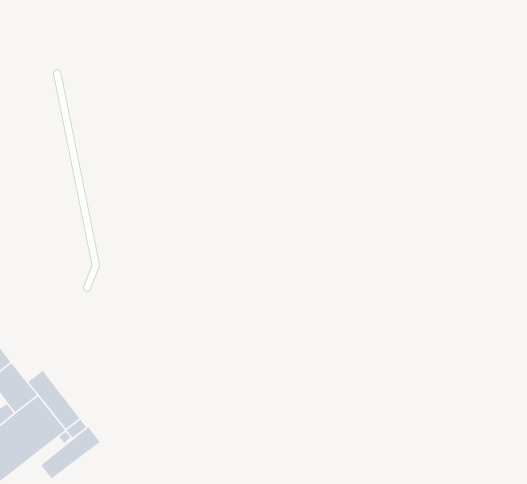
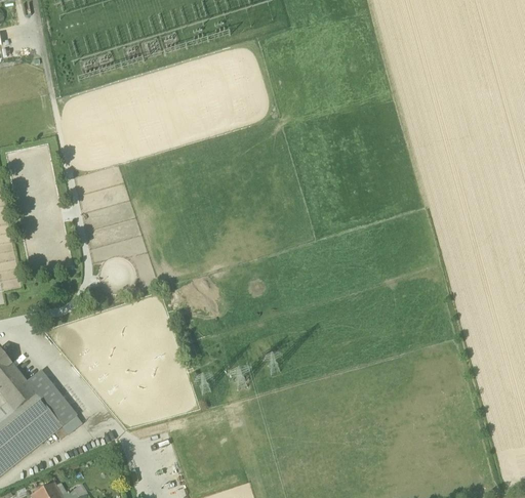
building: [40,426,101,479] -> none

